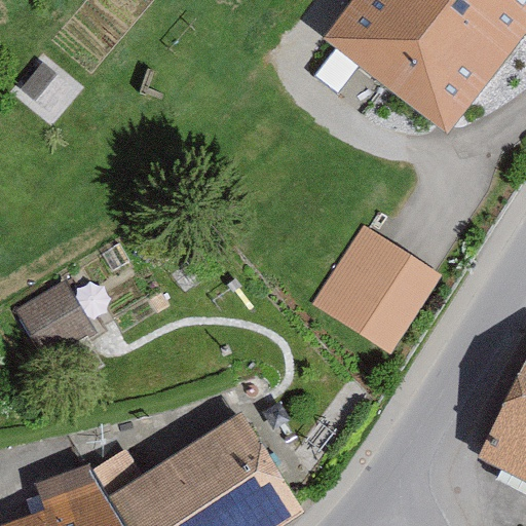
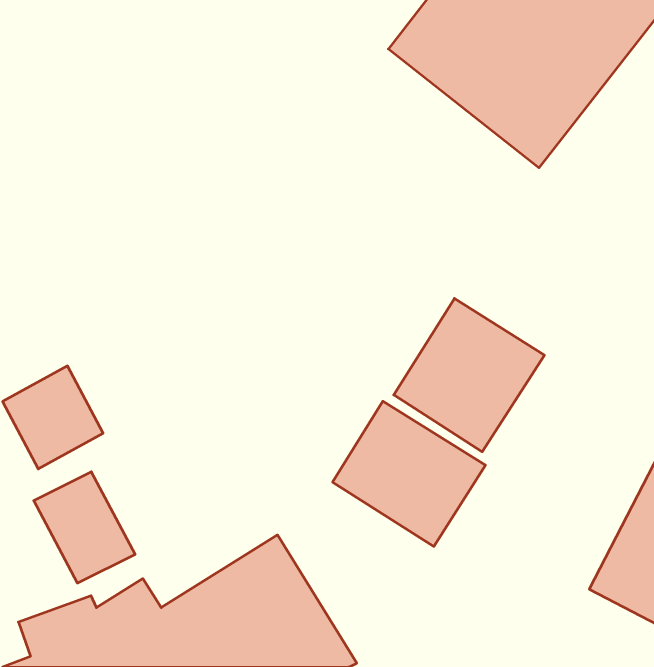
building: none -> [333,401,485,546]
building: none -> [34,472,135,583]

